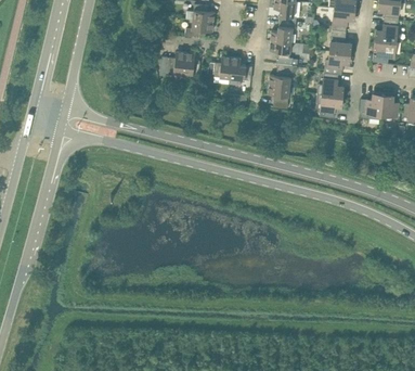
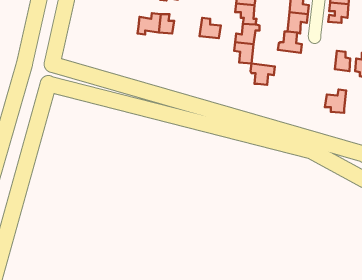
building: [206,56,232,82] -> none
building: [315,93,342,117] -> [251,63,275,85]
building: [359,93,382,119] -> [325,90,346,113]

